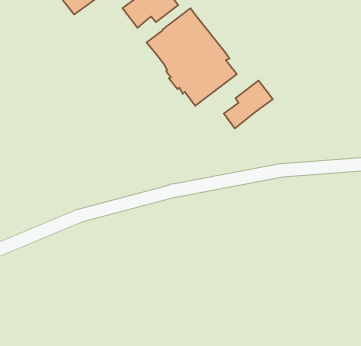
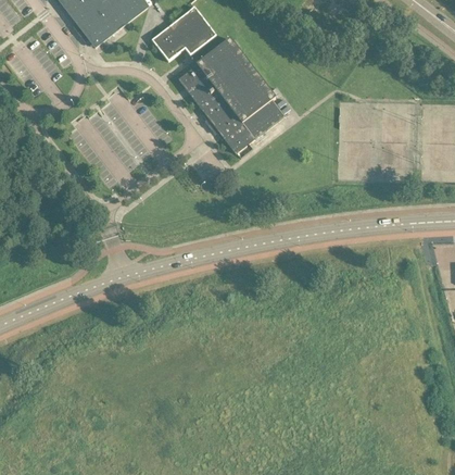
building: [224,81,273,128] -> none

